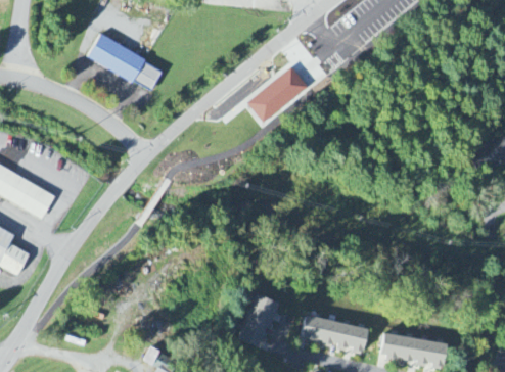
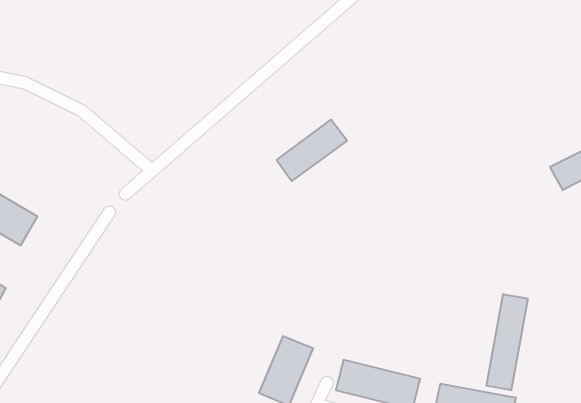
building: [87,39,163,92] -> none
building: [250,65,308,115] -> [277,120,347,181]
building: none -> [487,294,528,390]

